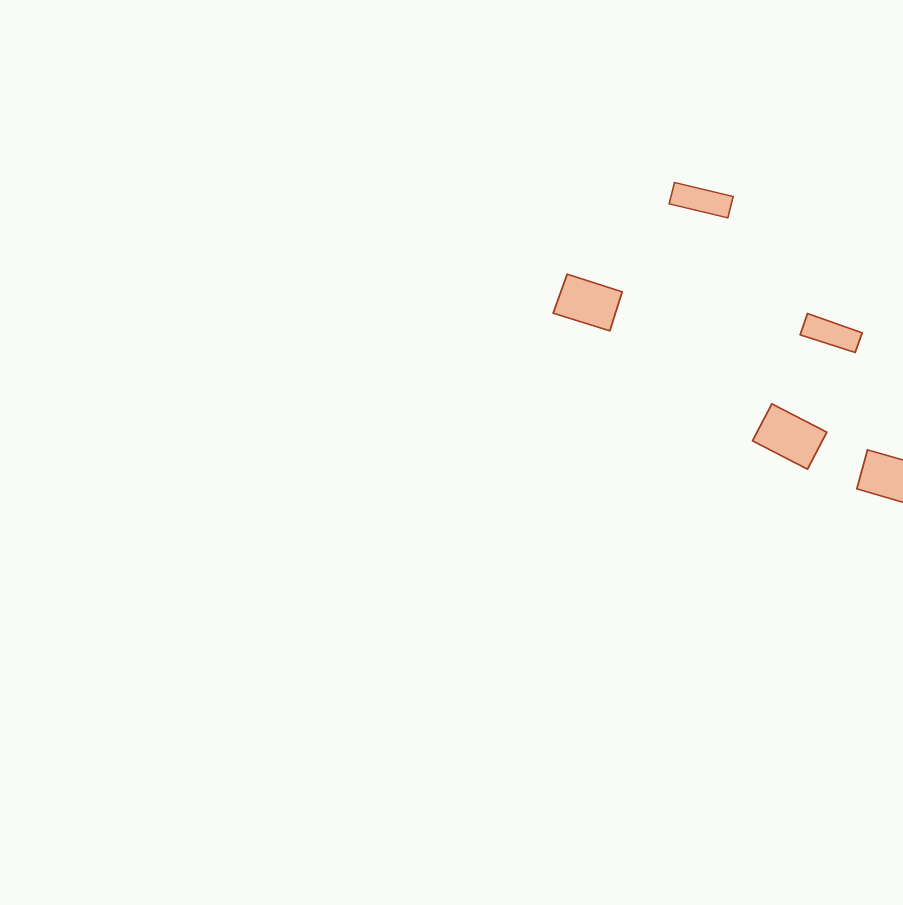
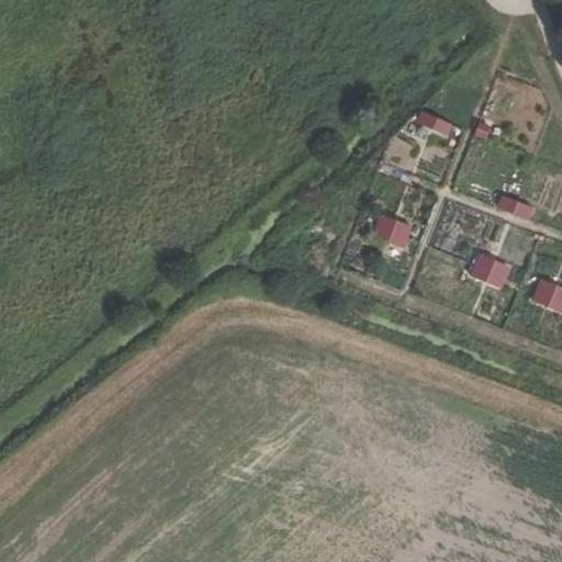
building: [553,274,622,331] -> [371,214,414,249]

